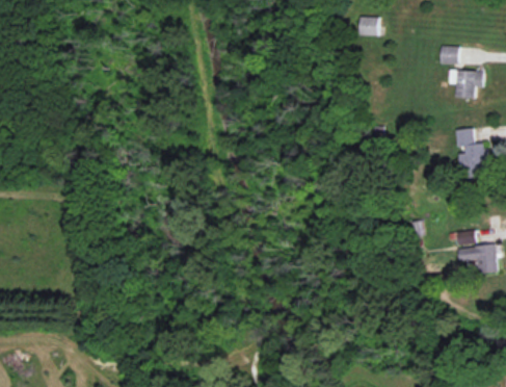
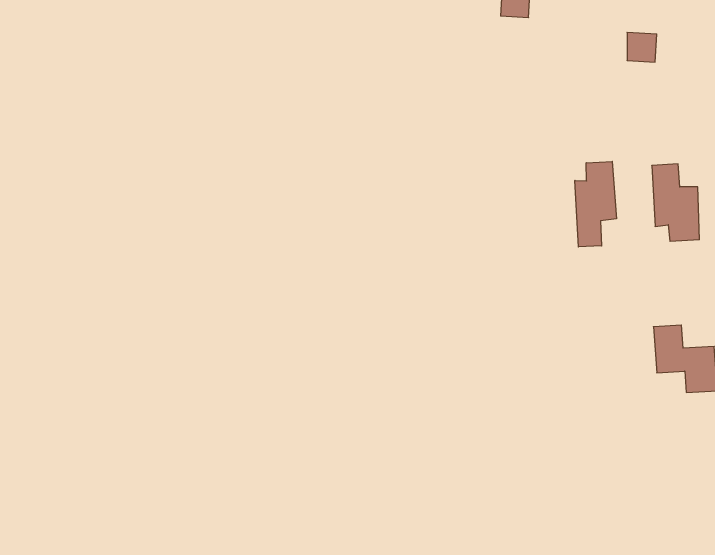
building: [448,71,483,98] -> none
building: none -> [575,161,616,247]

